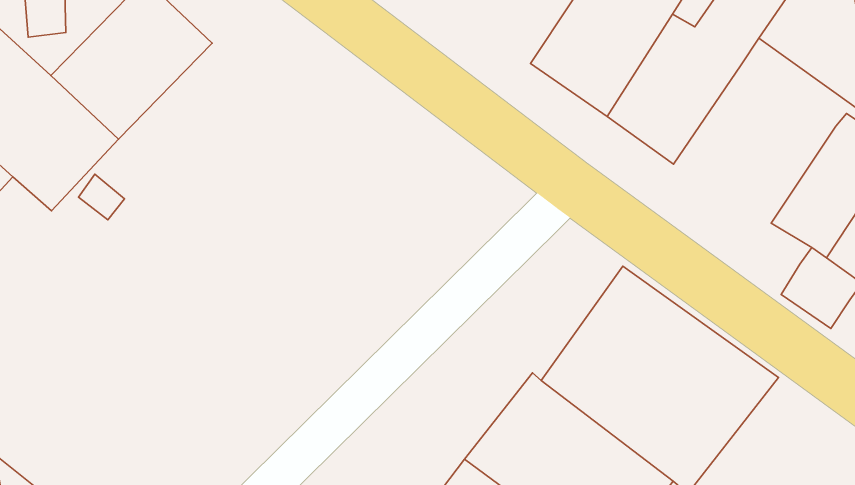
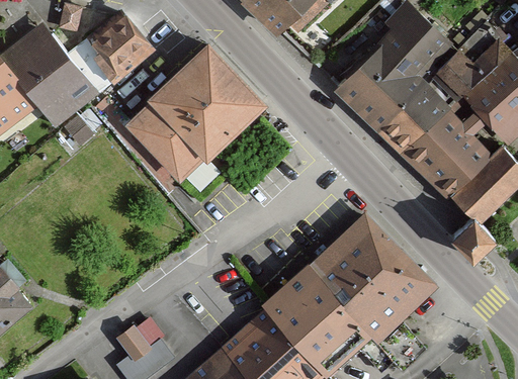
building: none -> [131,41,267,197]
building: none -> [402,110,495,200]

